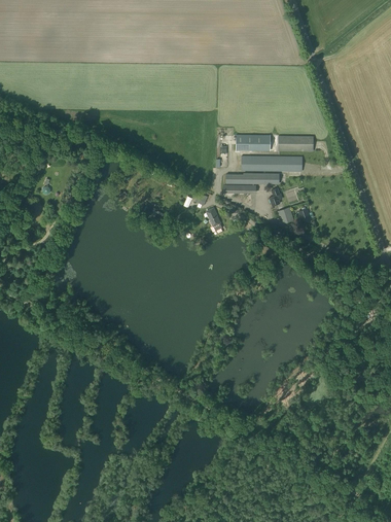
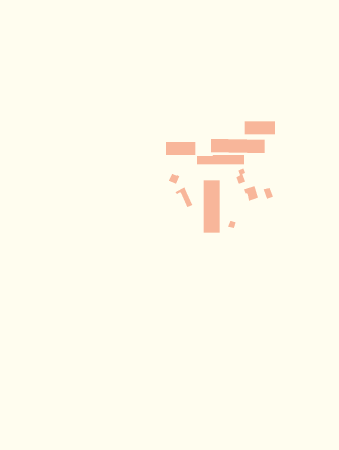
building: [236,135,270,150] -> [165,141,196,155]
building: none -> [203,180,220,233]

